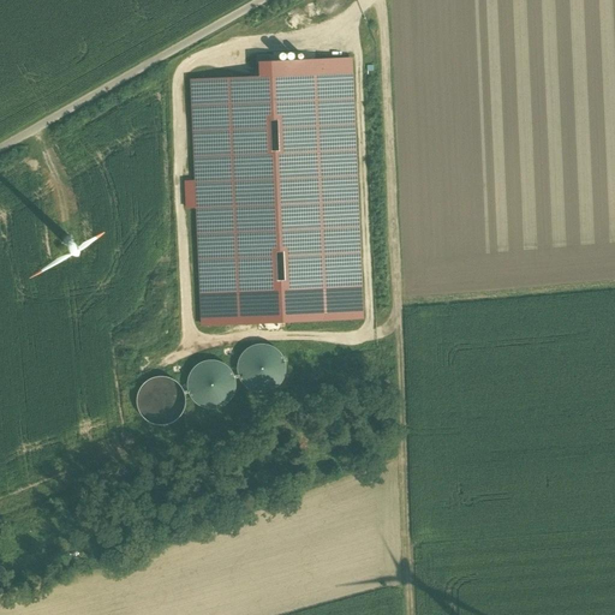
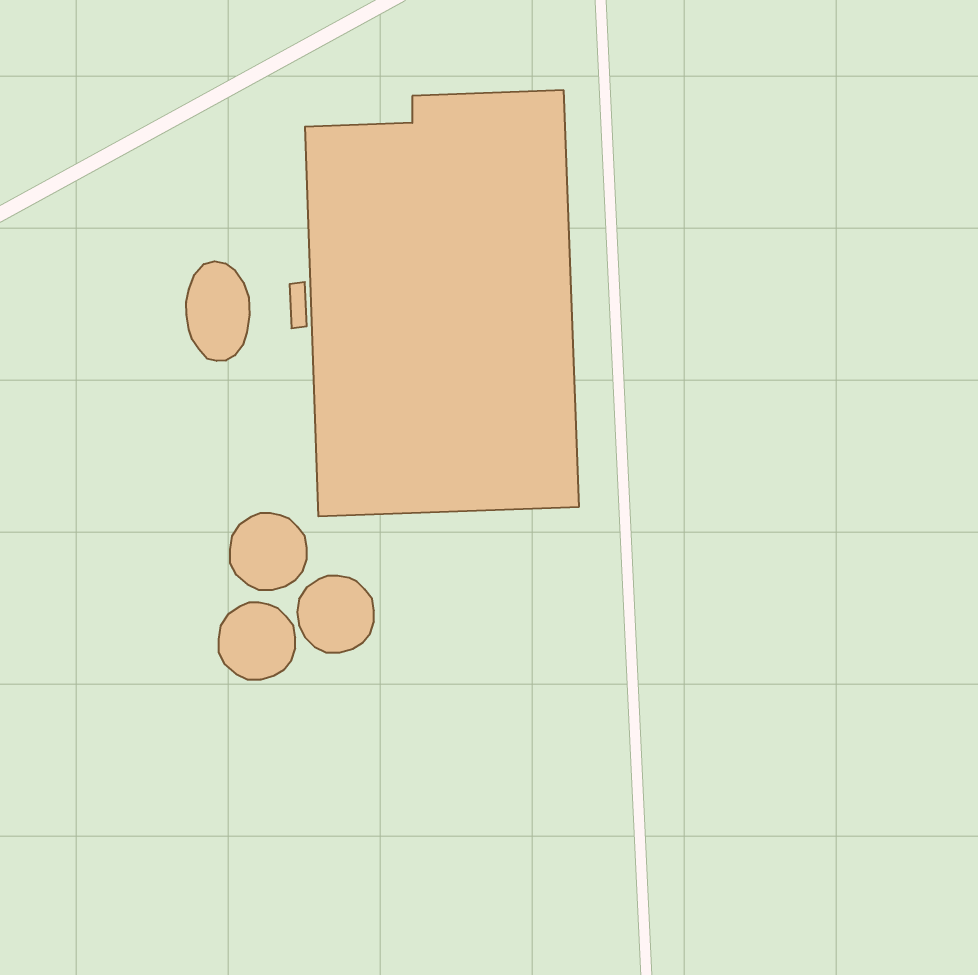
building: none -> [186,261,249,361]
building: [237,344,285,392] -> [230,513,307,590]

